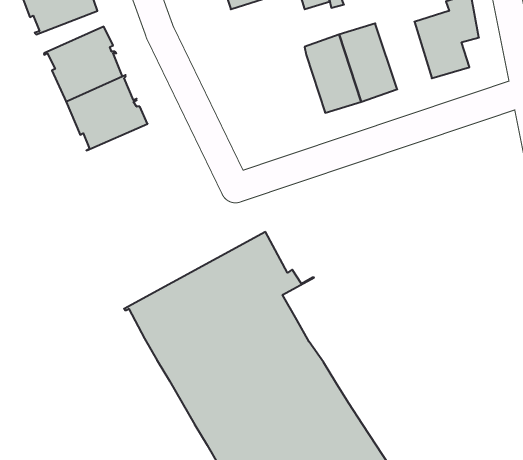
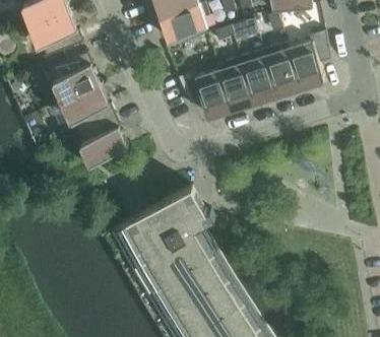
building: none -> [263,43,300,92]
building: none -> [178,70,231,115]
building: none -> [76,115,128,164]

